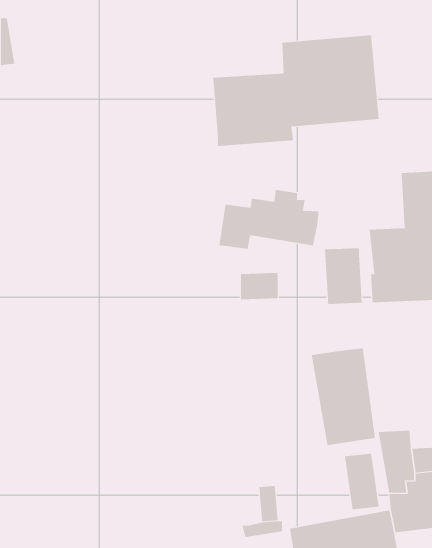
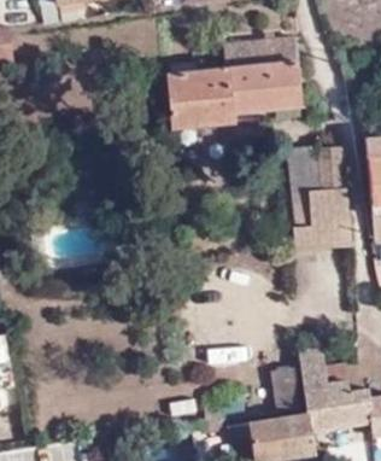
building: [219,189,319,249] -> none
building: [324,248,363,304] -> [288,147,318,192]
building: [311,347,375,446] -> none

